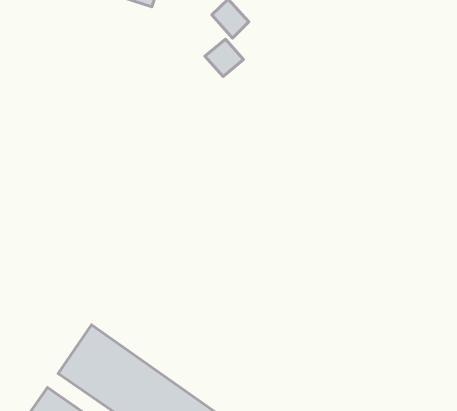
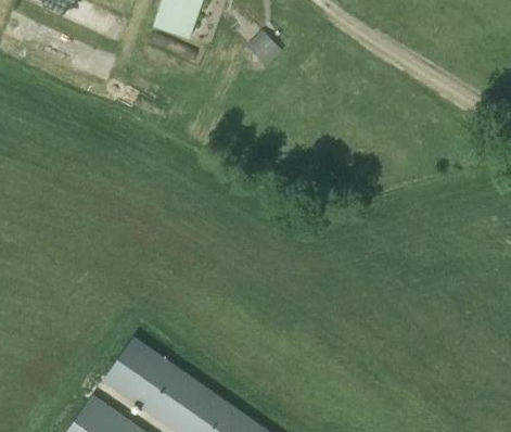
building: [205,39,244,76] -> none

